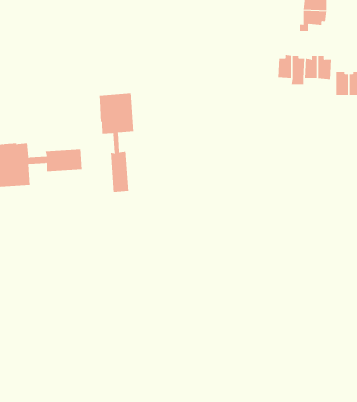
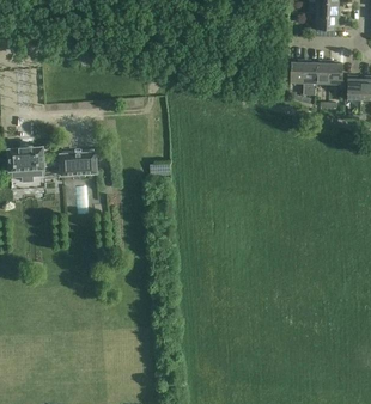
building: [99,92,134,193] -> none

